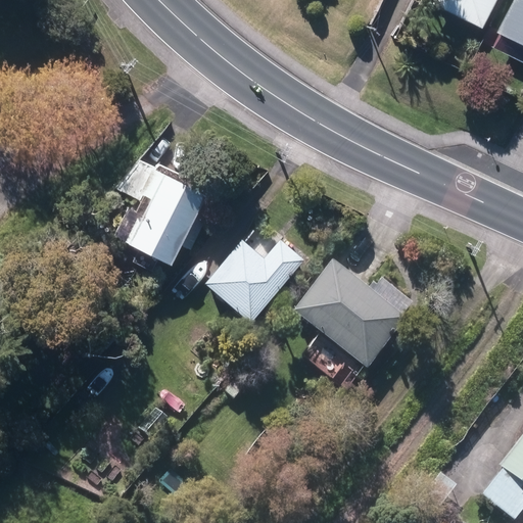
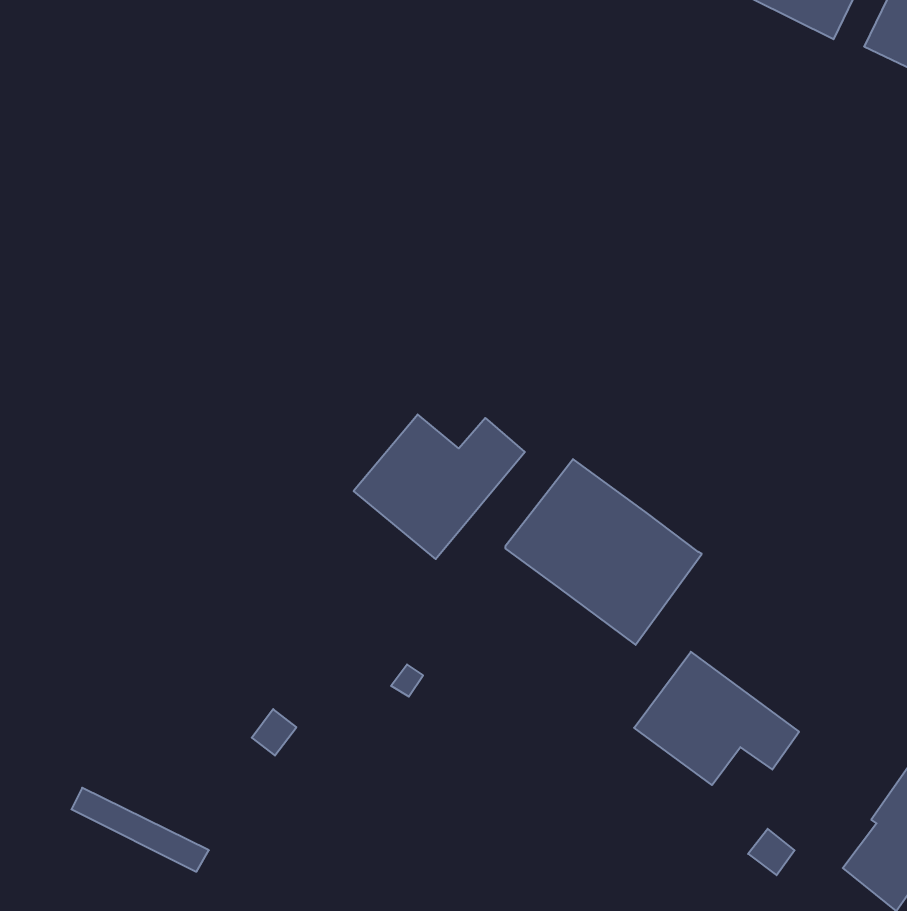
building: [115,158,206,270] -> none
building: none -> [634,652,799,785]

